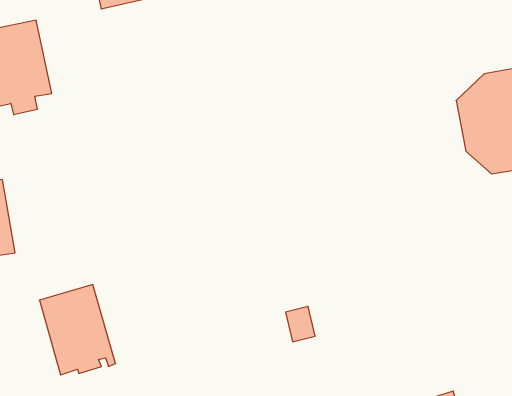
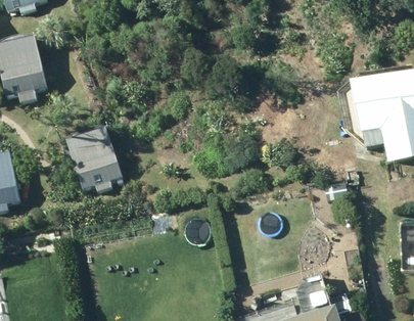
building: [39,285,116,375] -> [68,127,124,192]

